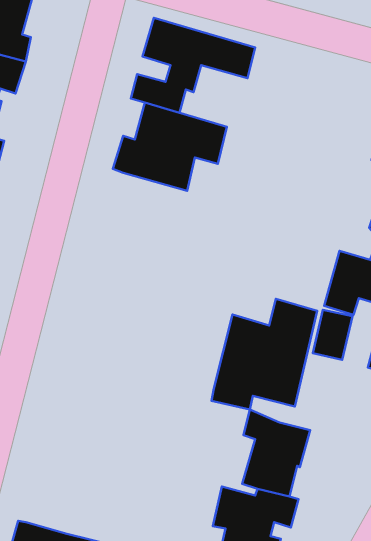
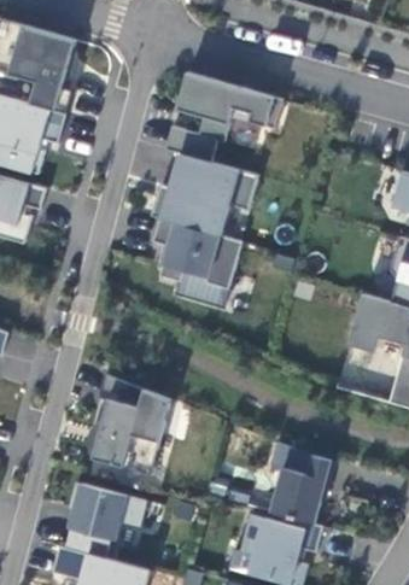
building: none -> [152,218,241,289]
building: [212,299,317,410] -> none
building: none -> [93,374,170,474]
building: none -> [66,482,147,558]

